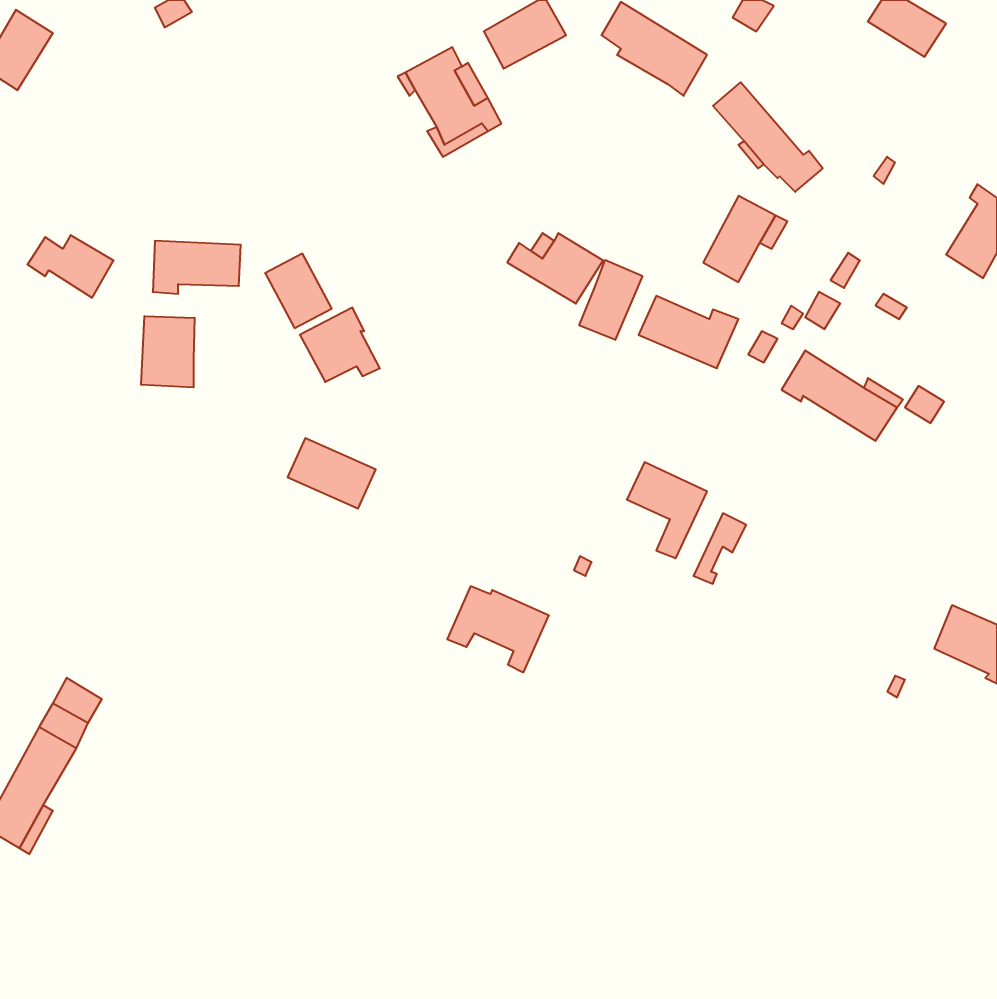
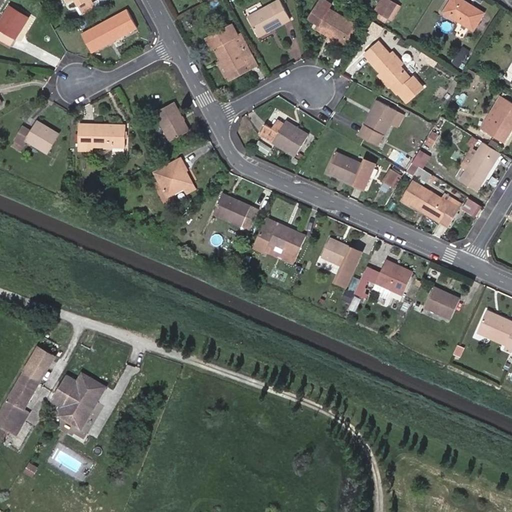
building: none -> [81,9,135,52]
building: [265,254,332,328] -> [154,102,188,140]
building: [579,260,642,340] -> none
building: none -> [459,142,499,191]
building: [141,316,195,387] -> none
building: [288,438,376,509] -> [212,194,257,230]
building: none -> [374,259,412,295]
building: none -> [424,287,459,319]
building: [447,586,549,672] -> [253,221,305,265]
building: none -> [49,371,105,431]

